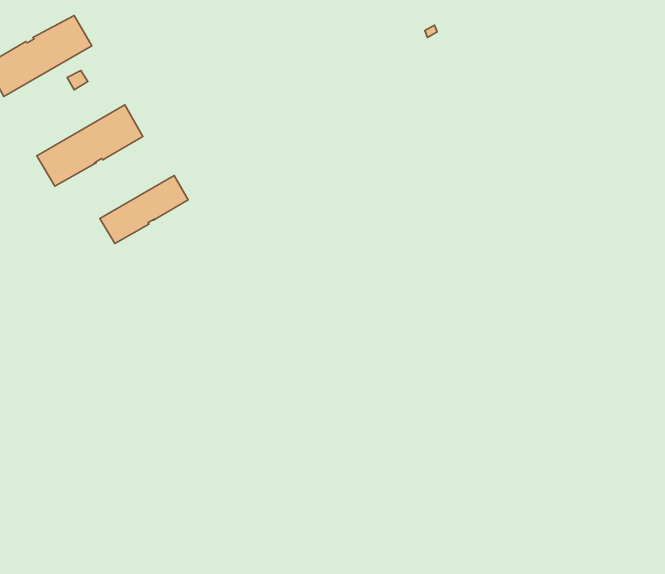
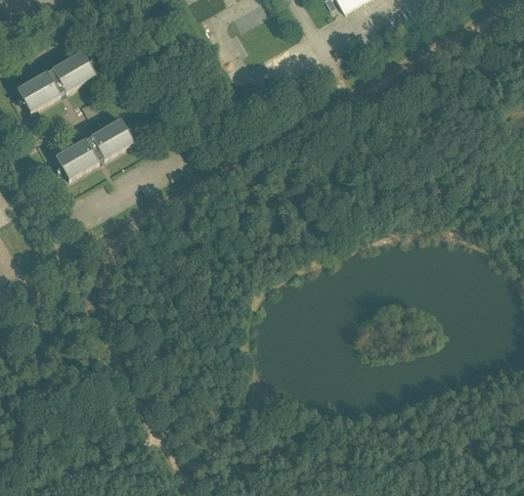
building: [100,175,188,243] -> none

